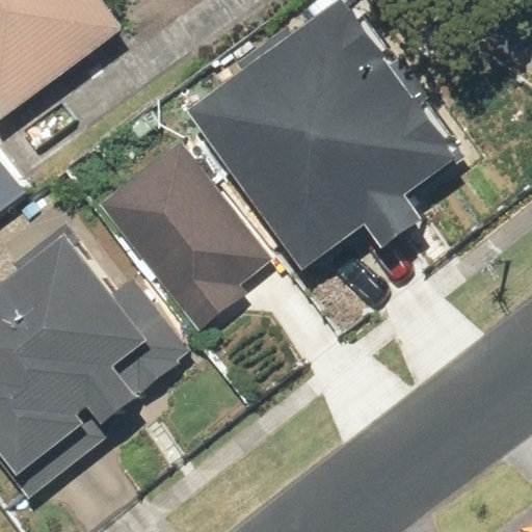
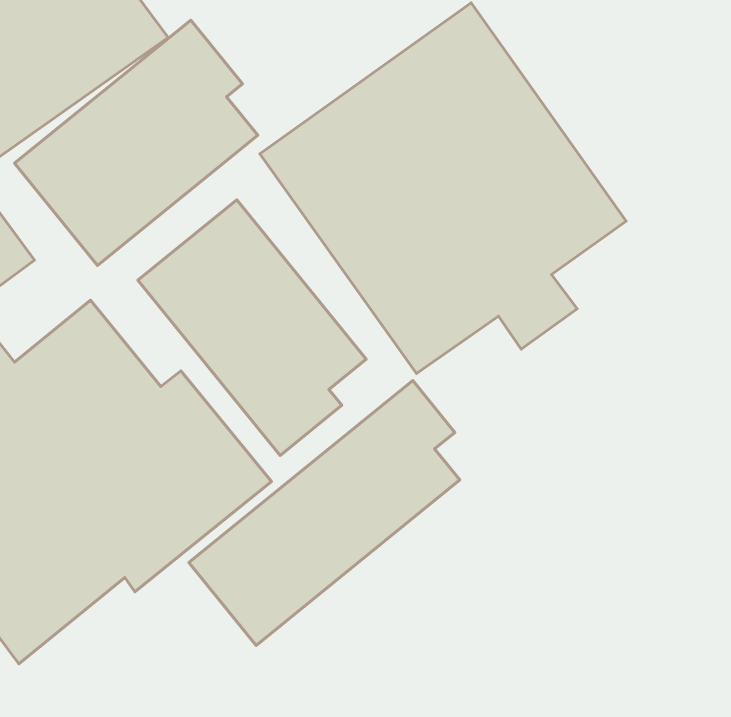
building: none -> [14,20,258,265]
building: none -> [189,381,460,645]

